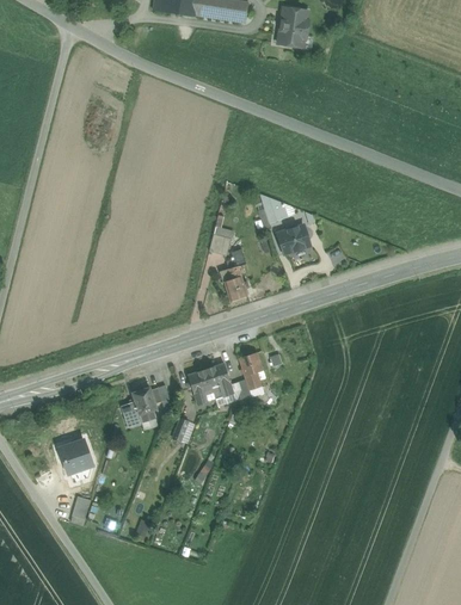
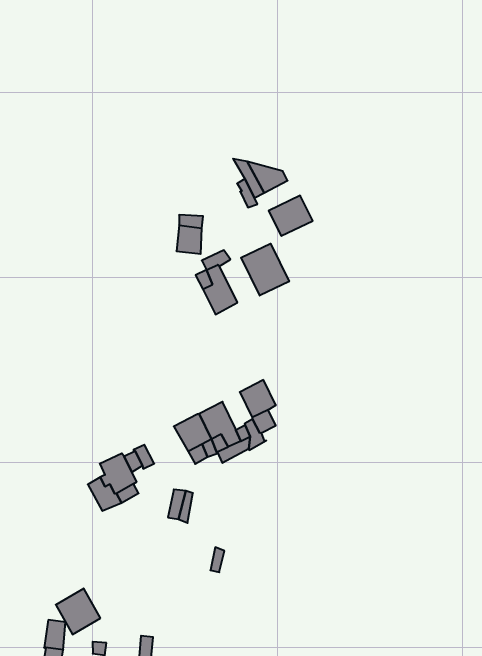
building: none -> [241,244,289,296]
building: [60,440,90,471] -> [56,588,100,634]

